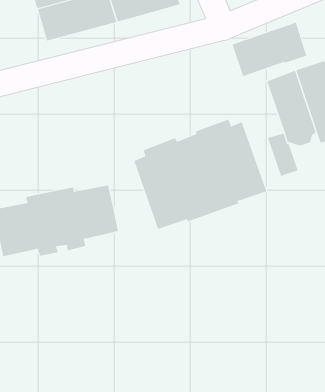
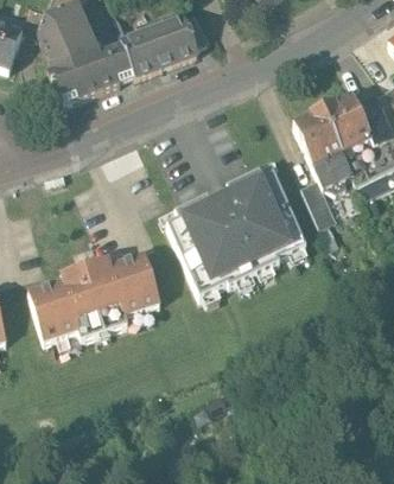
building: [232,22,307,77] -> none

